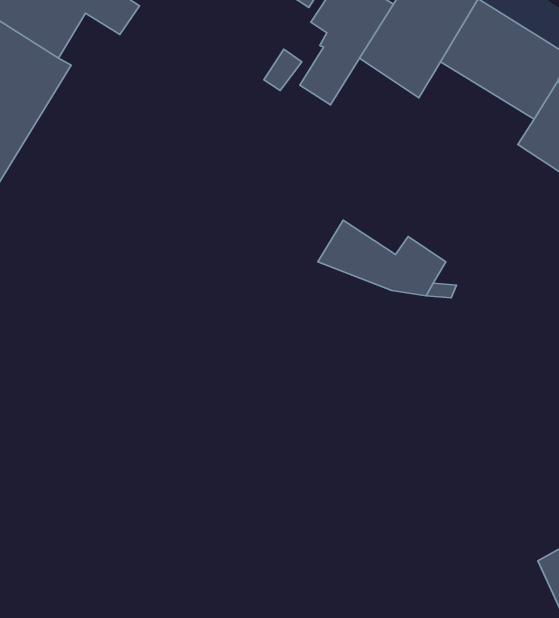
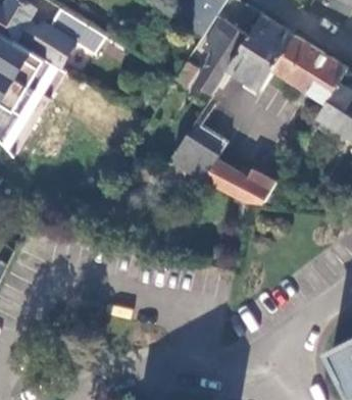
building: none -> [158,120,231,184]

